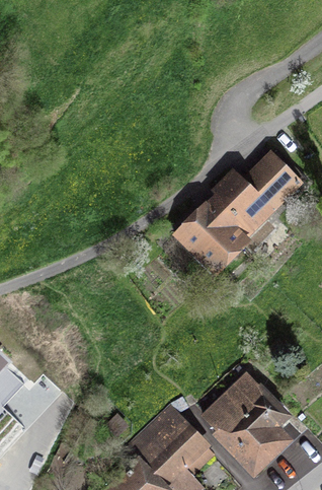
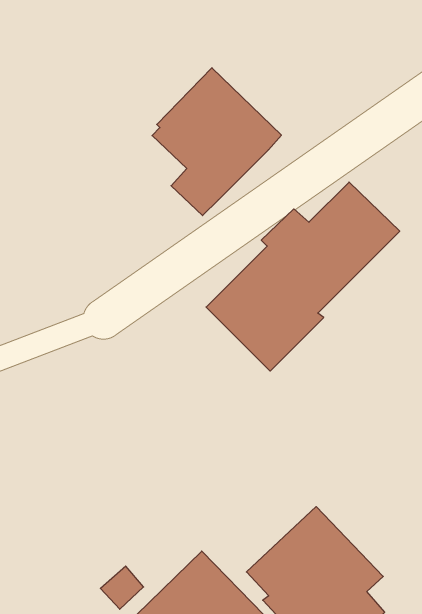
building: none -> [152,68,281,216]

